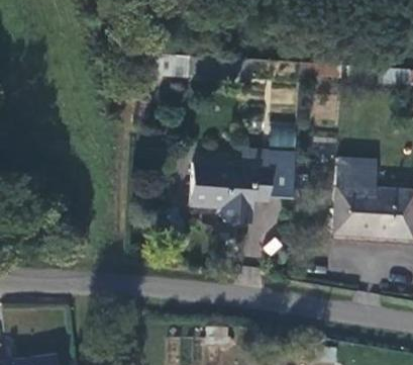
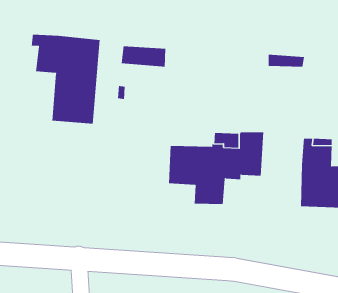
building: none -> [31,34,100,124]

